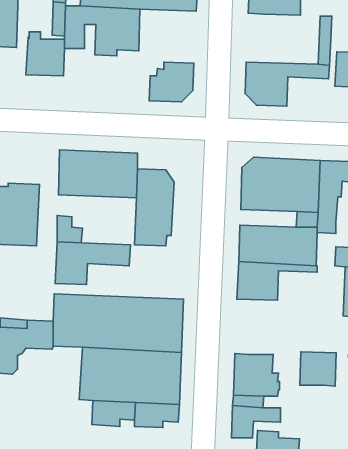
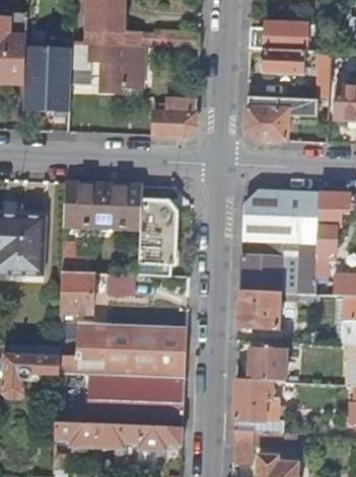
building: none -> [263,50,304,74]
building: [300,352,336,386] -> [250,347,285,381]
building: none -> [56,422,97,448]

